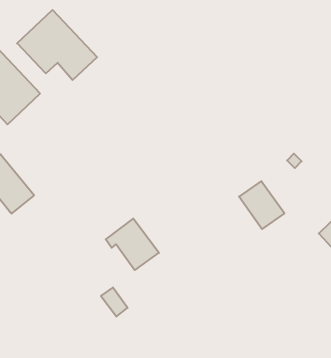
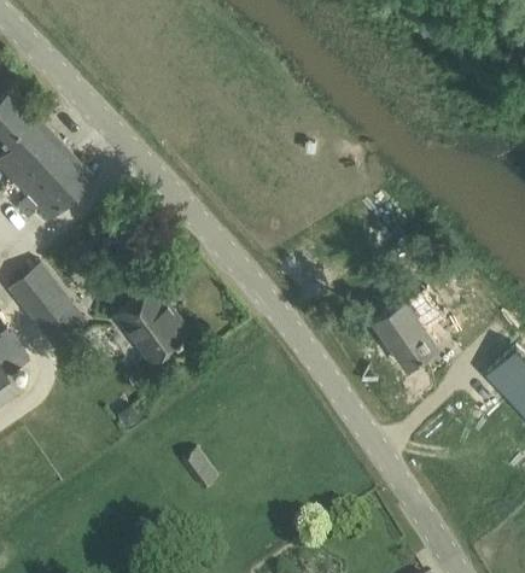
building: [17,10,97,80] -> none
building: [106,219,159,270] -> [113,283,188,356]

